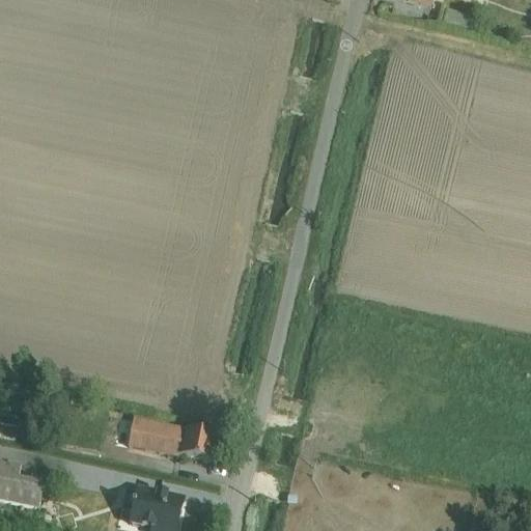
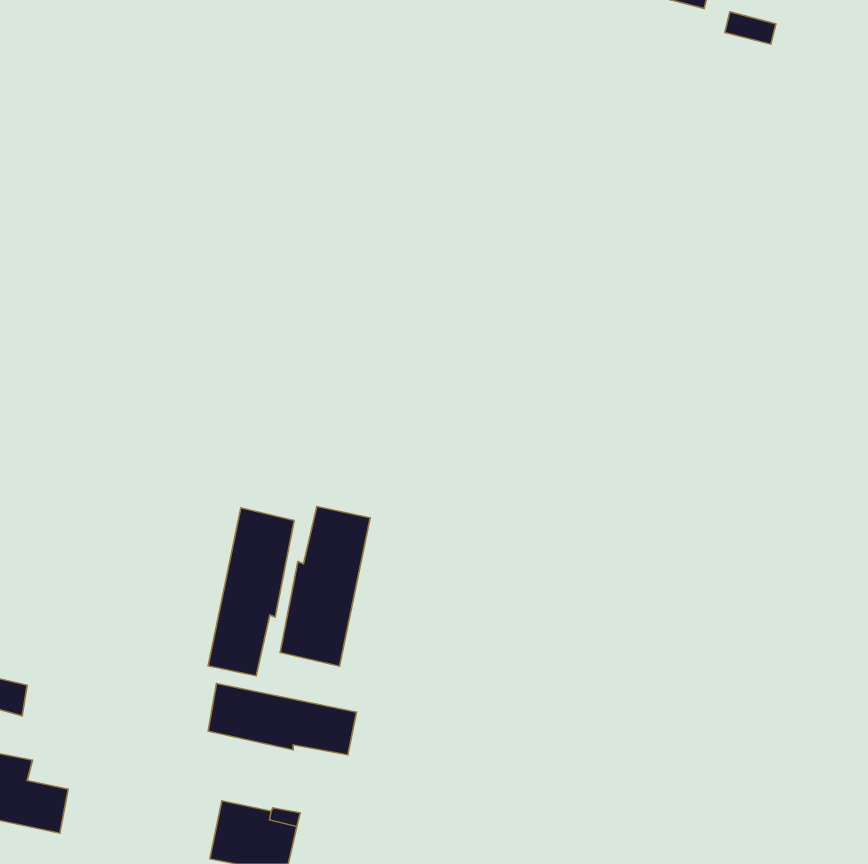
building: none -> [280,506,370,666]
building: none -> [208,508,294,676]

